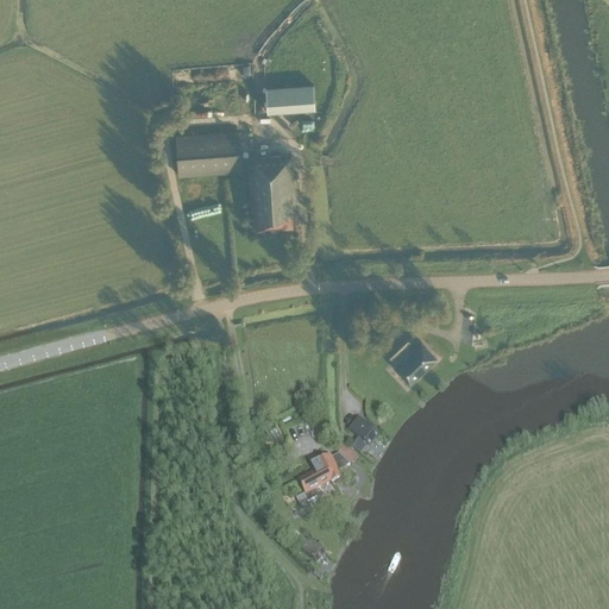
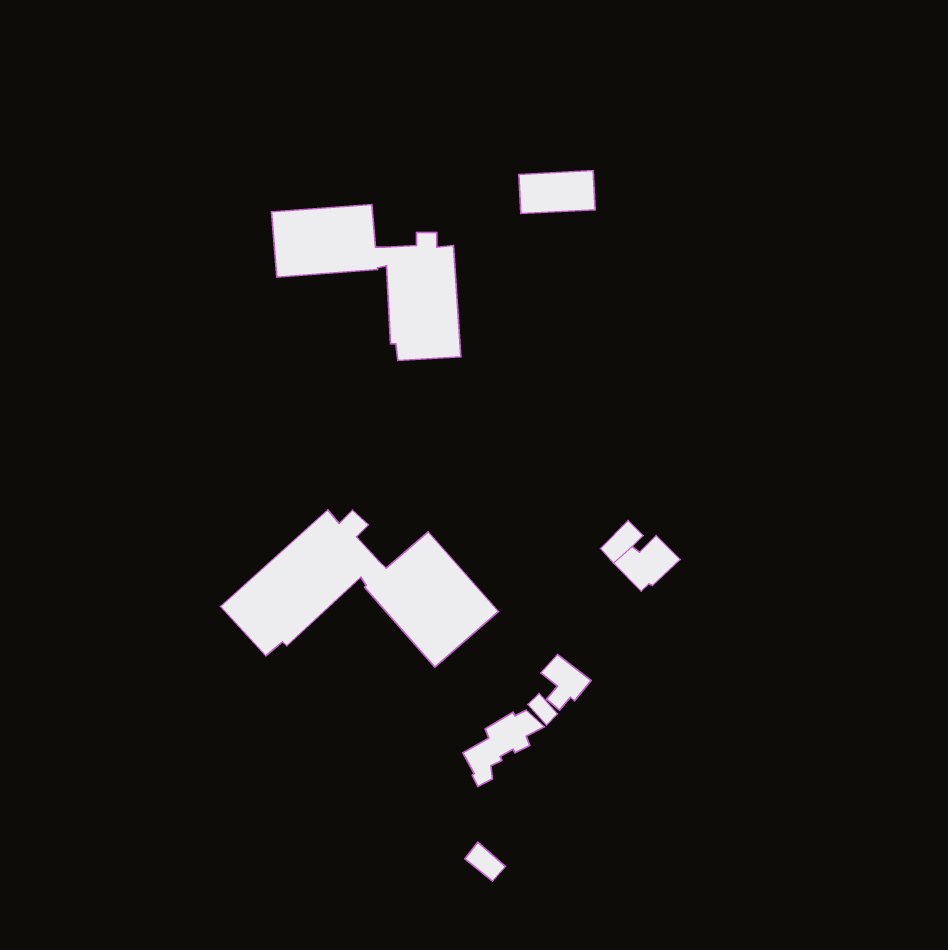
building: [265,84,314,112] -> [519,171,595,213]
building: none -> [220,510,499,667]

